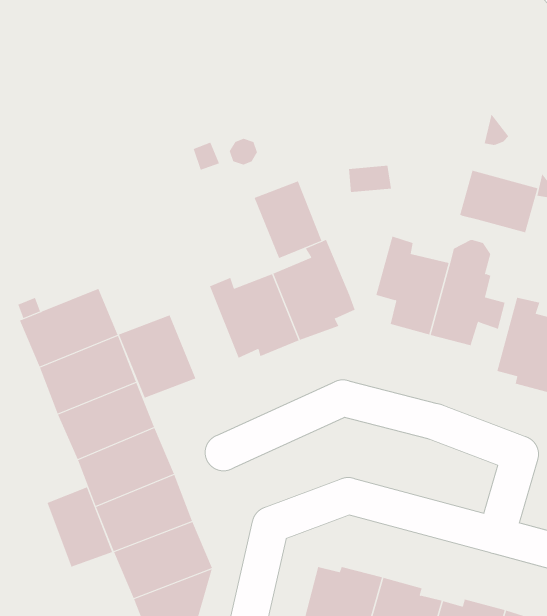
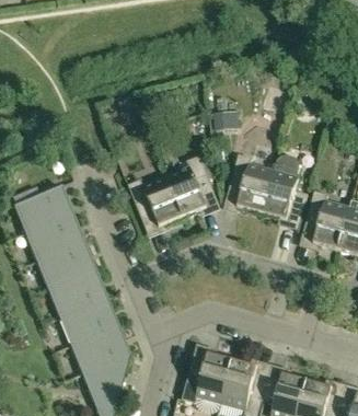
building: [459,170,538,233] -> none
building: [254,181,322,259] -> none
building: [118,315,196,398] -> none
building: [47,486,113,567] -> none

